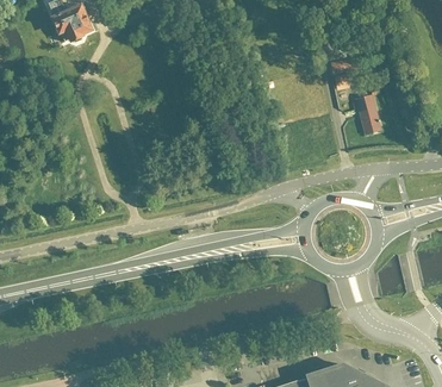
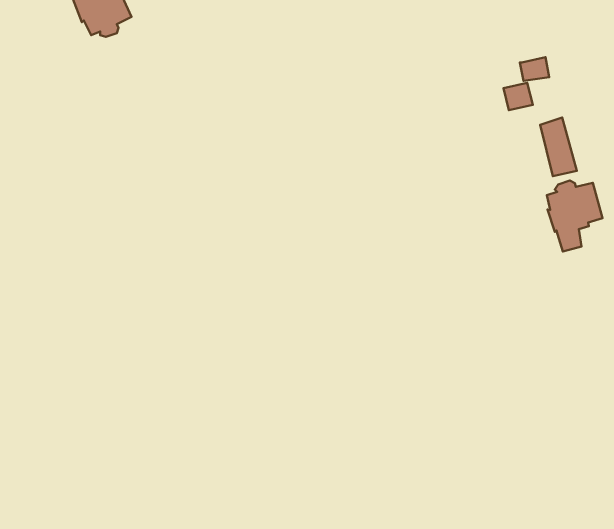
building: none -> [547,180,603,252]

